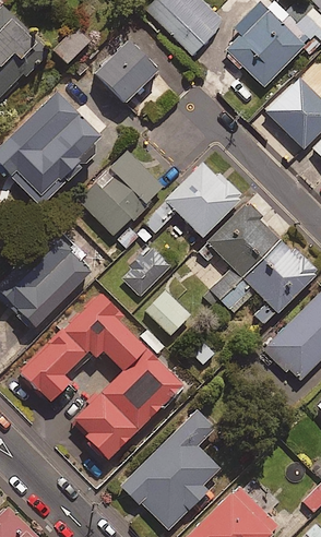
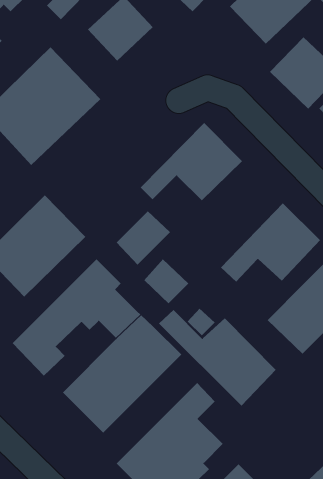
building: [78,151,164,237] -> none
building: [198,199,280,299] -> none
building: none -> [158,309,277,407]

